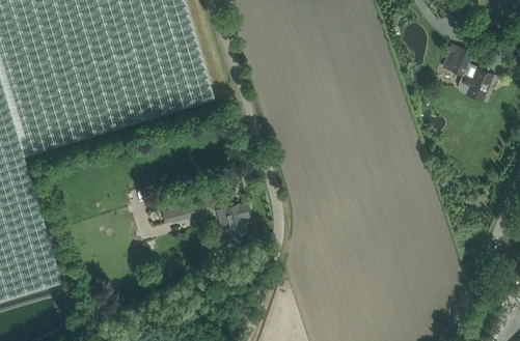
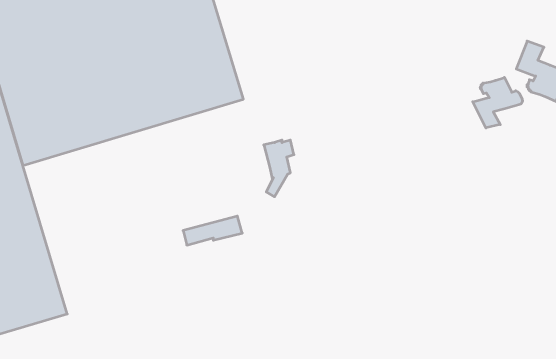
building: none -> [473,77,522,128]
building: [223,202,249,251] -> [264,140,294,197]

